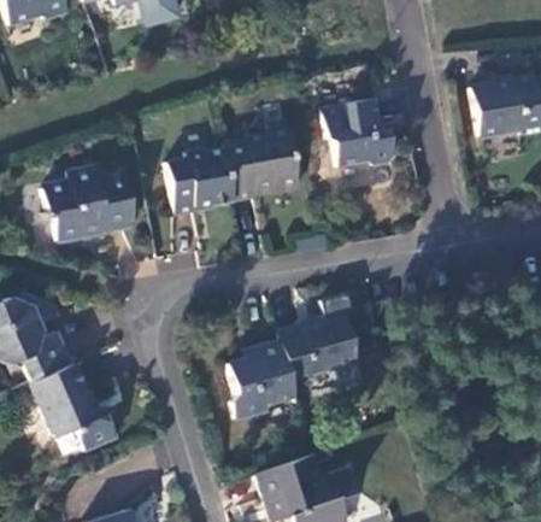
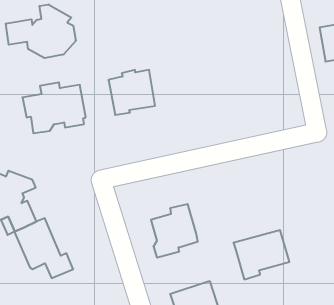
building: none -> [6,4,76,58]
building: [323,96,395,166] -> none
building: [225,122,301,200] -> none
building: [278,313,359,385] -> [233,230,289,279]

